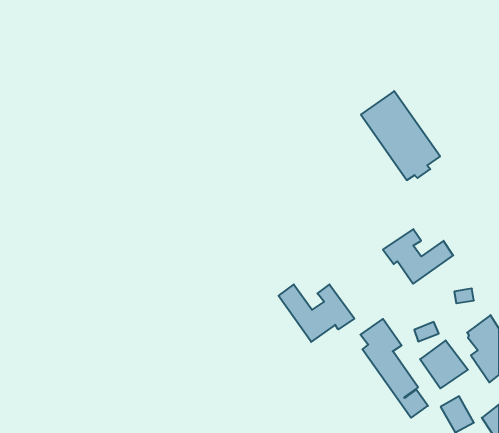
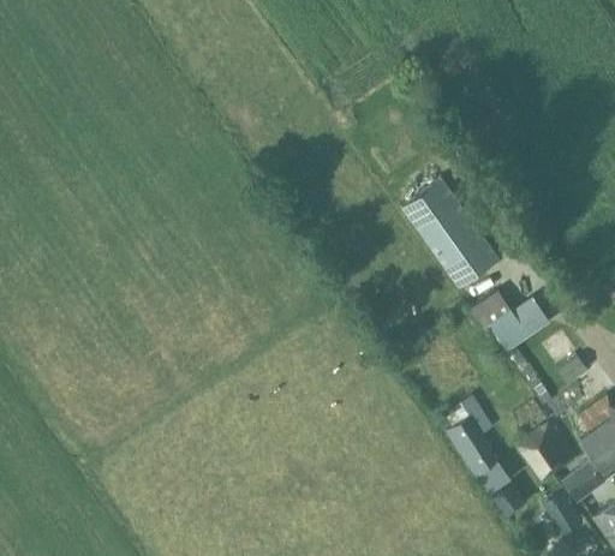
building: [361,91,440,180] -> [401,178,498,287]
building: [279,284,354,342] -> none
building: none -> [561,461,605,503]

